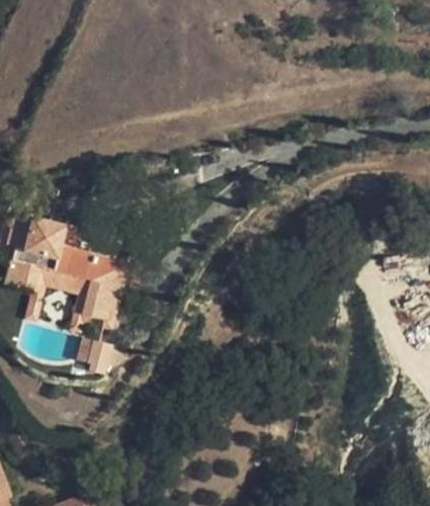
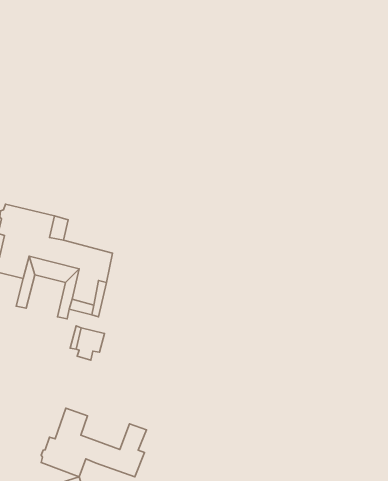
building: none -> [41,408,146,477]

